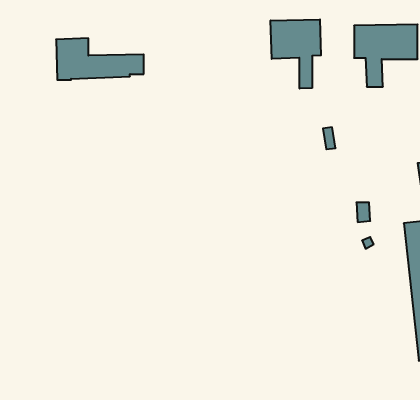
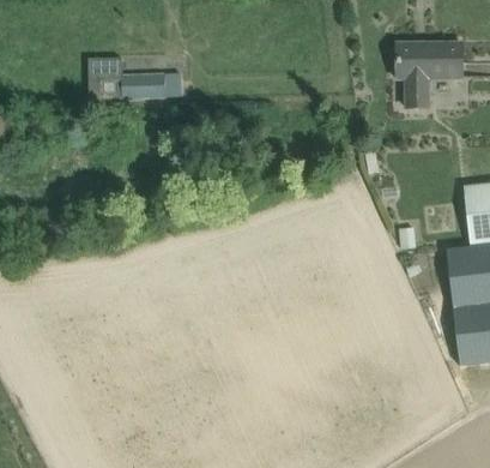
building: [271,19,321,89] -> none

